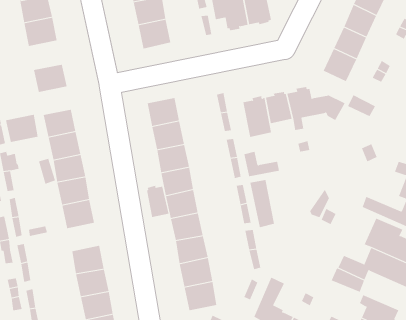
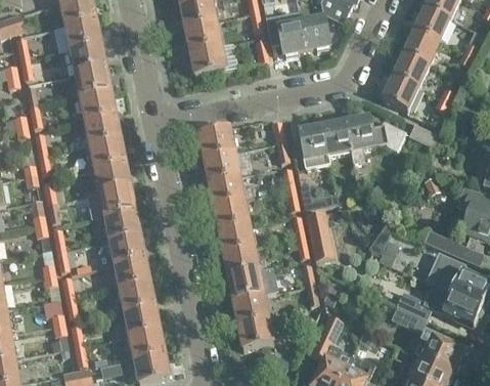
building: none -> [75,66,110,96]
building: [5,114,39,143] -> [85,114,120,143]
building: [146,185,169,218] -> none
building: none -> [115,256,149,286]

